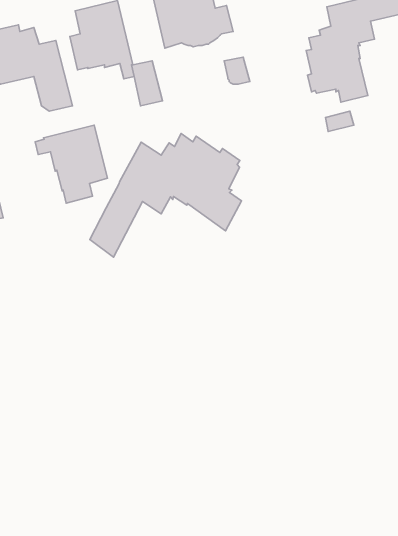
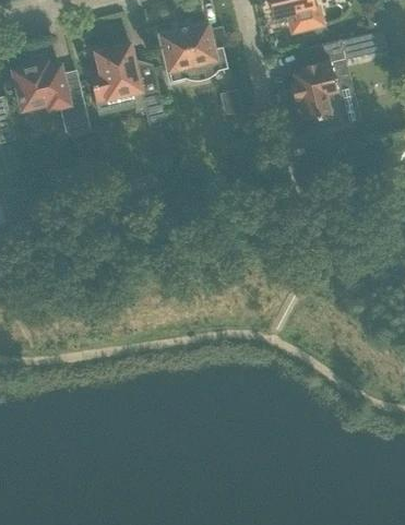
building: [35,125,107,203] -> none
building: [90,134,241,257] -> none

